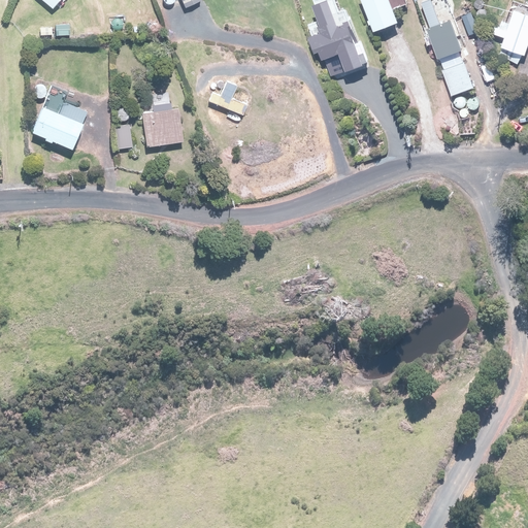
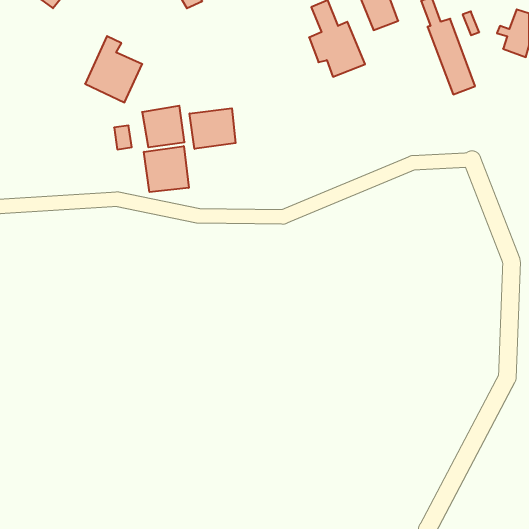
building: [32,84,89,150] -> [85,36,142,102]
building: none -> [190,108,236,149]
building: none -> [144,146,189,192]

